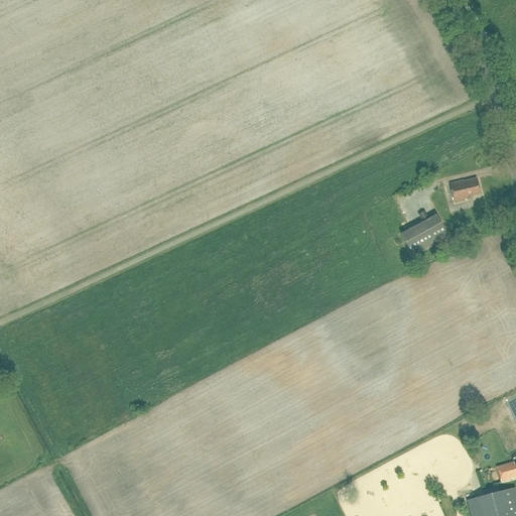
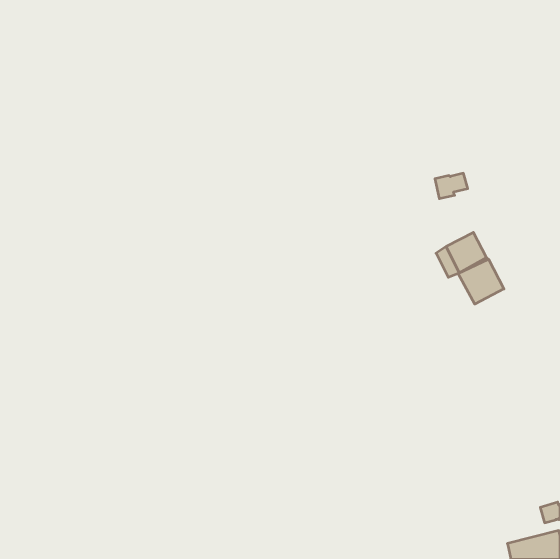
building: [450,178,481,202] -> [435,173,468,199]
building: none -> [458,259,504,304]

